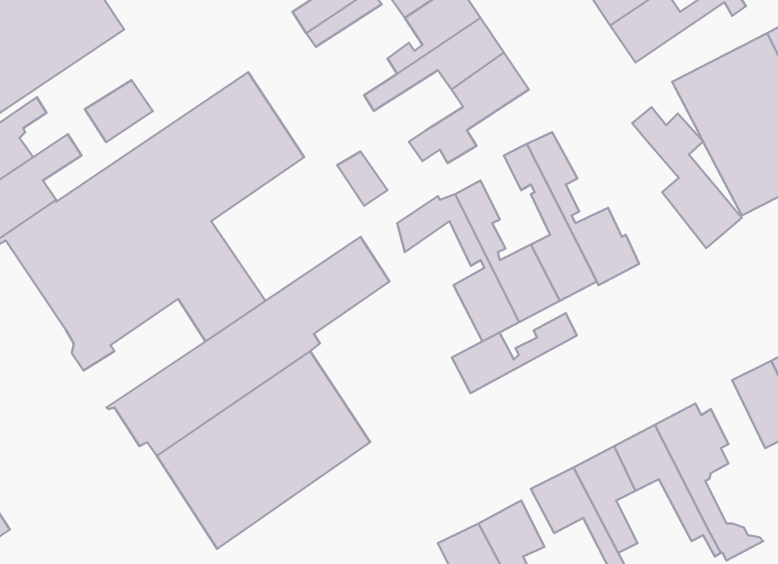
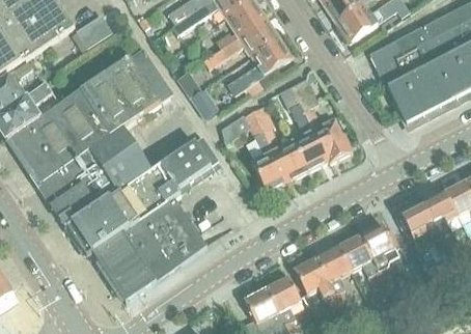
building: [85,80,153,142] -> [75,15,111,48]
building: [632,107,742,248] -> none
building: none -> [53,169,118,227]
building: [452,313,577,393] -> none

